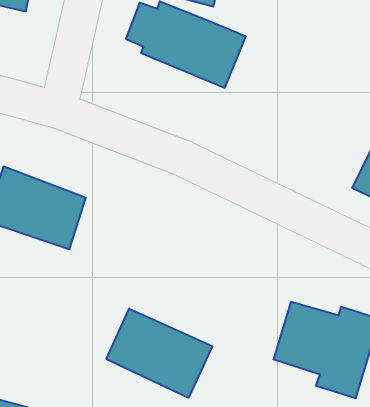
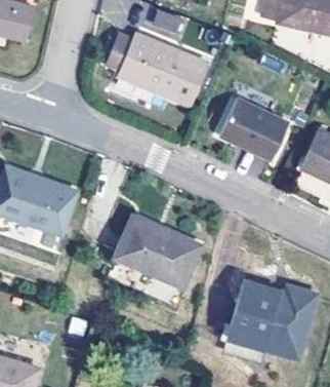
building: none -> [218,95,289,160]
building: [106,309,213,398] -> [114,215,201,287]

